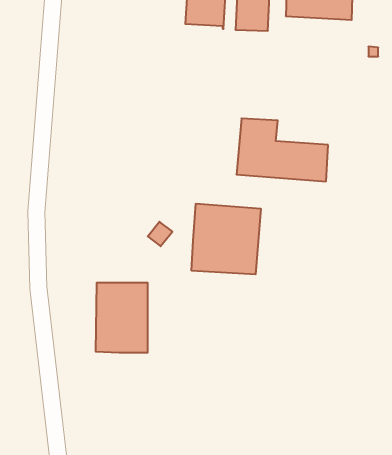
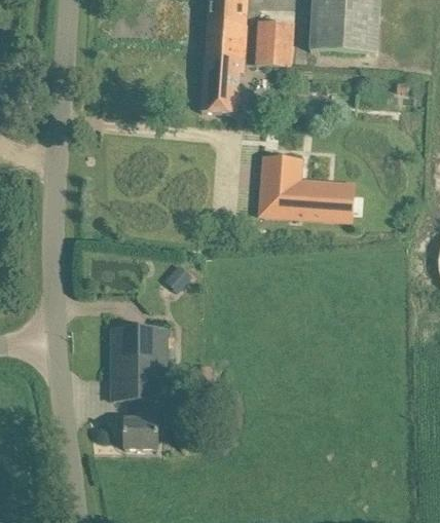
building: none -> [200,57,244,113]
building: [192,204,261,274] -> none
building: none -> [124,400,157,447]

